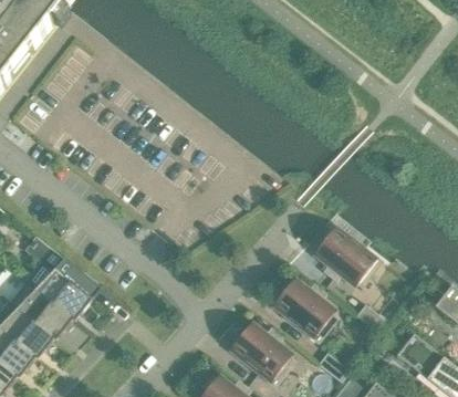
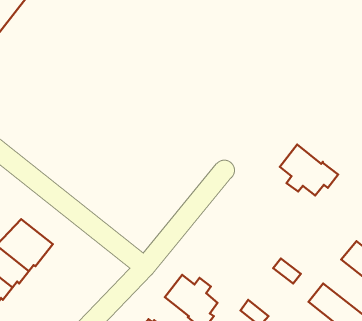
building: [313,226,381,284] -> [280,145,338,196]
building: [272,278,333,341] -> none

